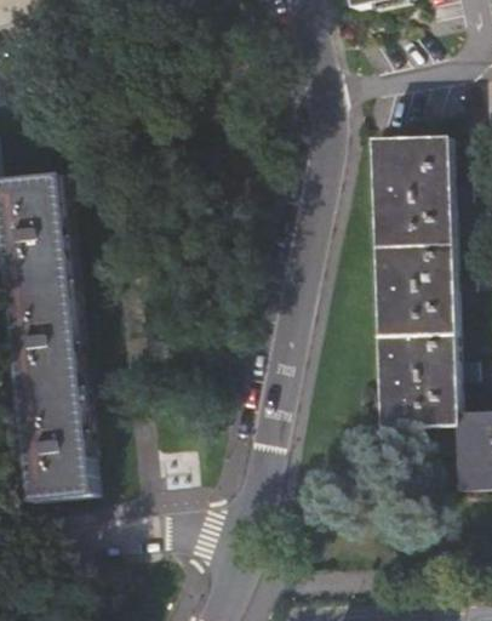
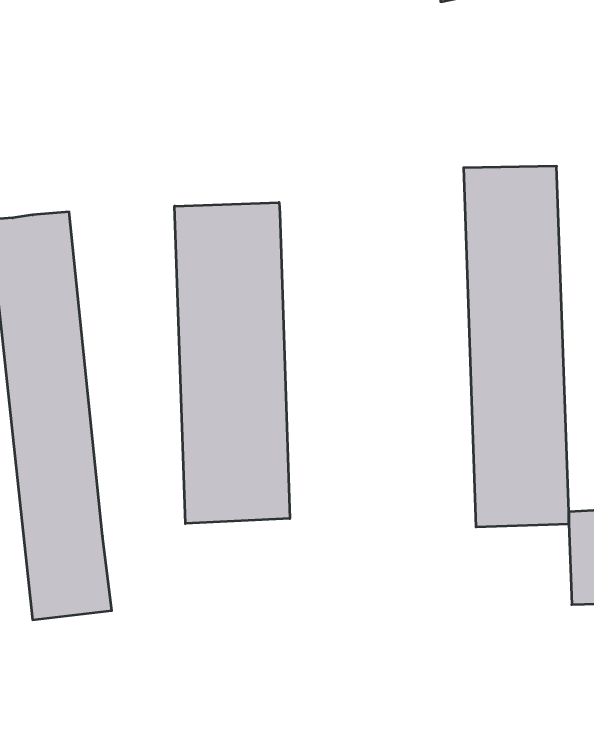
building: none -> [175,202,290,524]

